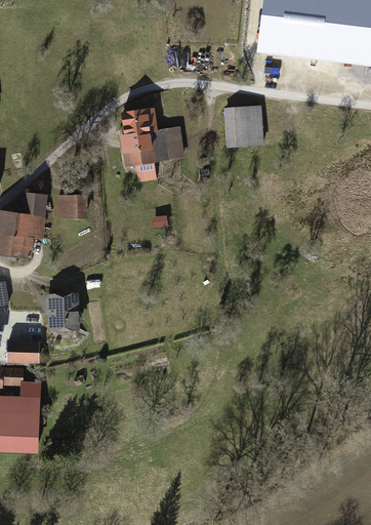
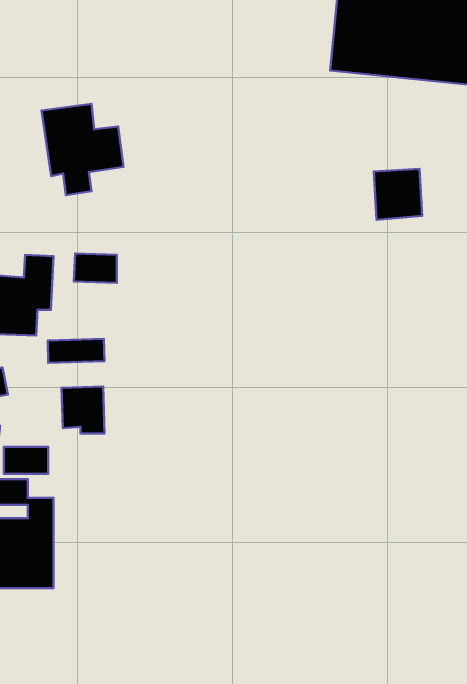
building: [224,107,261,146] -> [374,169,422,220]
building: [120,110,182,179] -> [42,104,124,195]
building: none -> [48,339,105,363]

